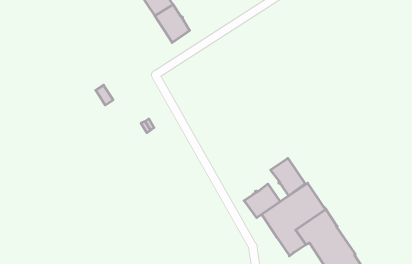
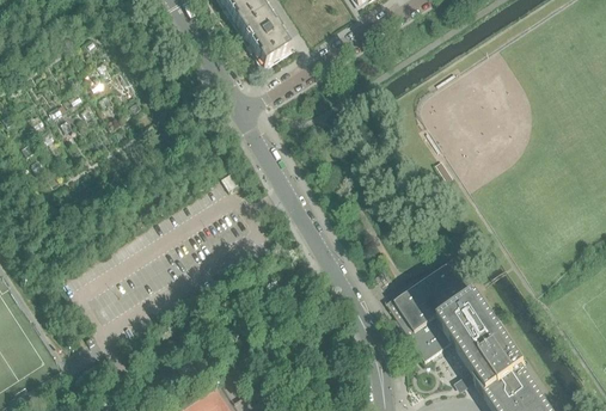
building: [271,158,305,196] -> none
building: [244,184,280,218] -> none

